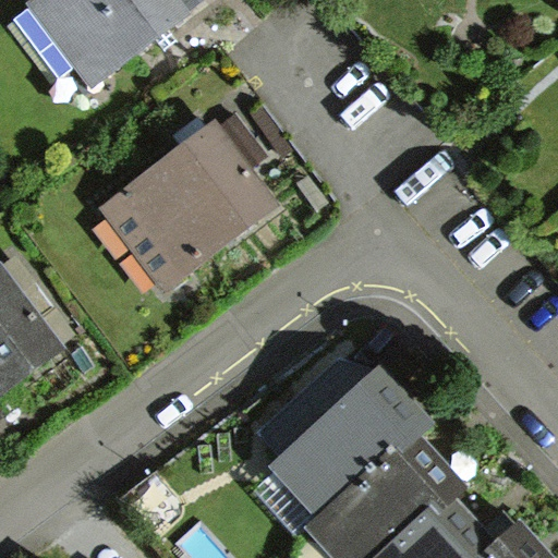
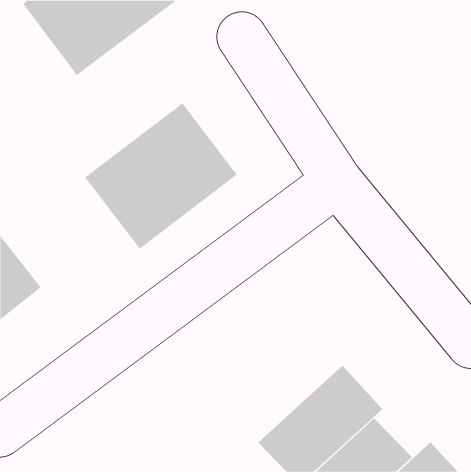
building: [266,368,415,513] -> none

